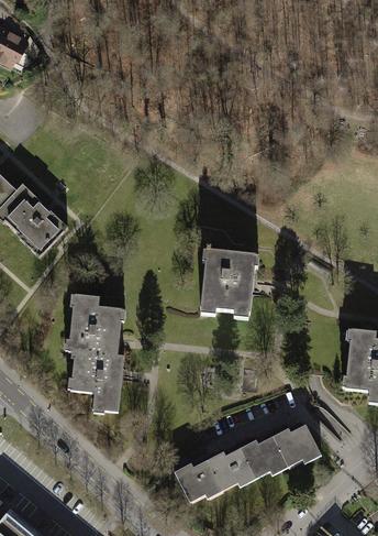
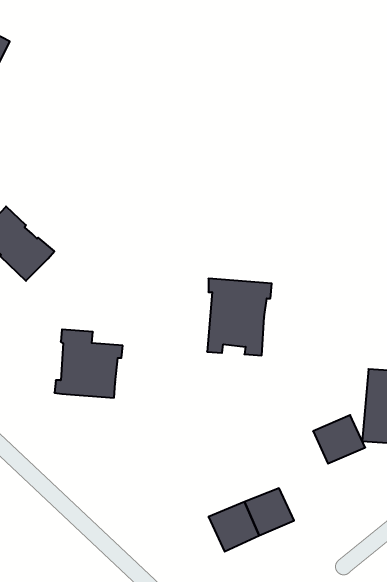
building: [69,352,124,414] -> none
building: [265,422,311,464] -> [313,415,365,464]
building: [175,461,216,508] -> none

